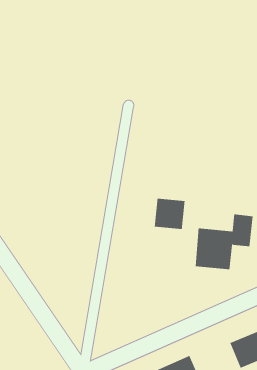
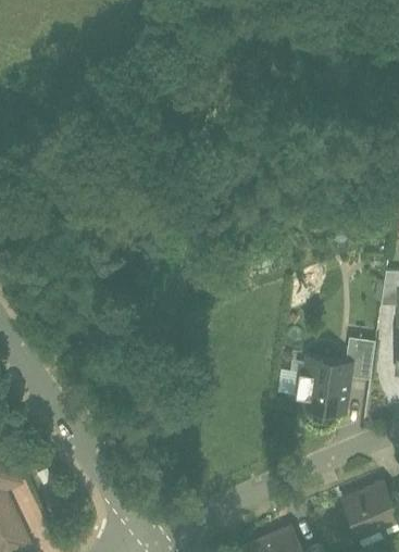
building: [154,198,185,230] -> none

